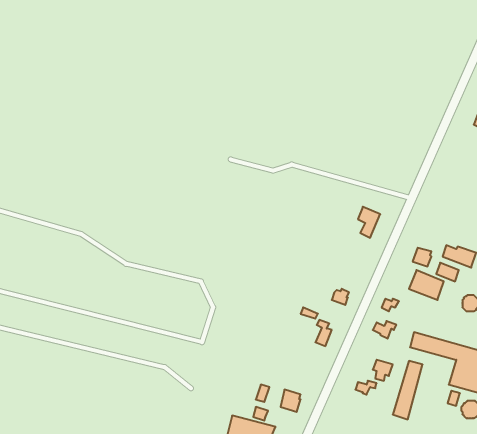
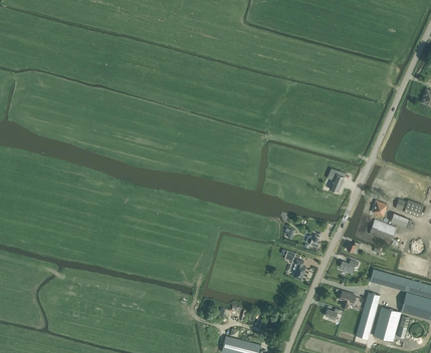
building: none -> [373,307,400,341]

